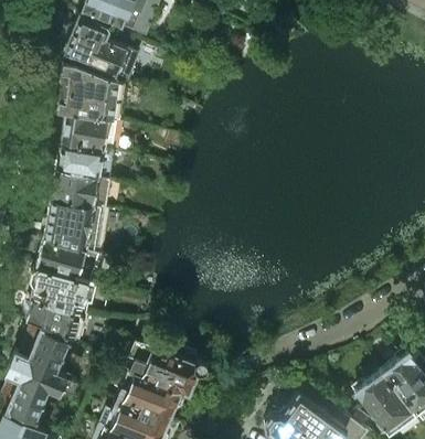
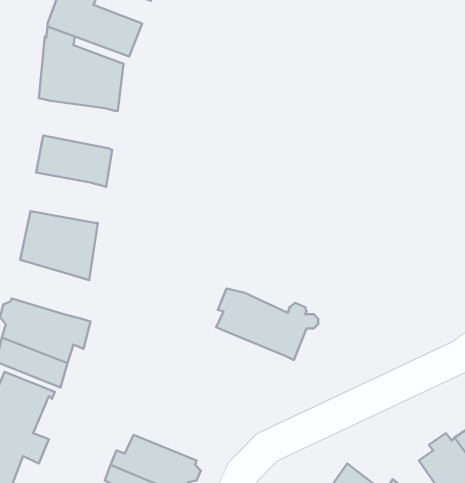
building: [62,116,117,152] -> none
building: [52,171,110,210] -> none
building: [35,238,99,283] -> none
building: [127,341,205,396] -> [216,288,318,360]

